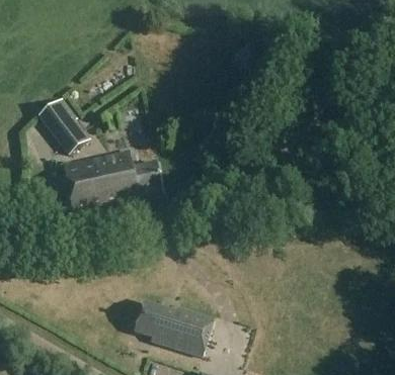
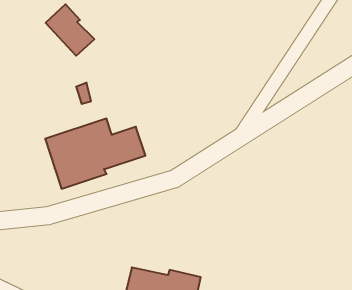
building: [40,98,88,152] -> [46,4,94,56]

